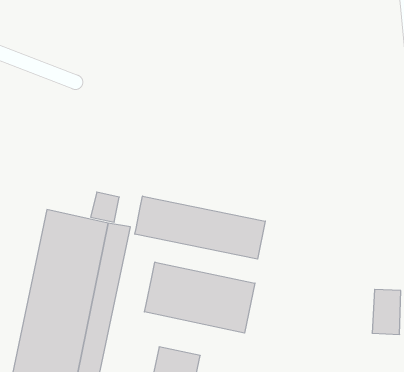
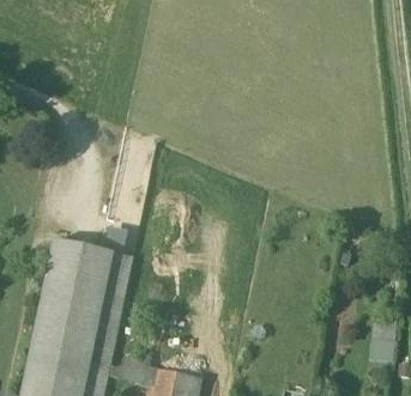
building: [135,196,265,259] -> none
building: [144,262,255,333] -> none

